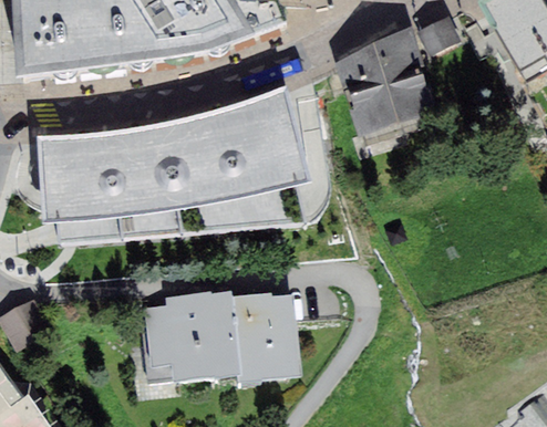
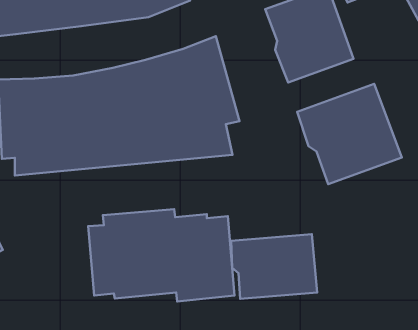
building: none -> [297,84,402,184]
building: none -> [231,234,317,299]

